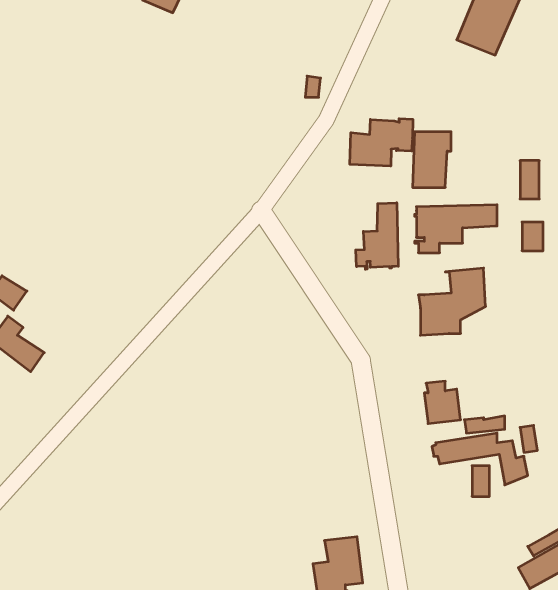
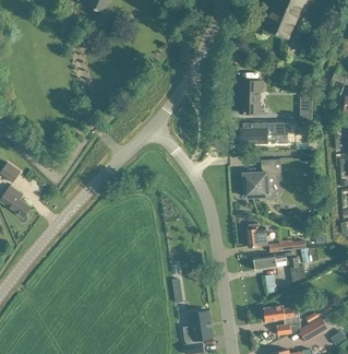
building: [350,119,413,166] -> none
building: [356,203,398,269] -> none
building: none -> [263,305,300,334]

